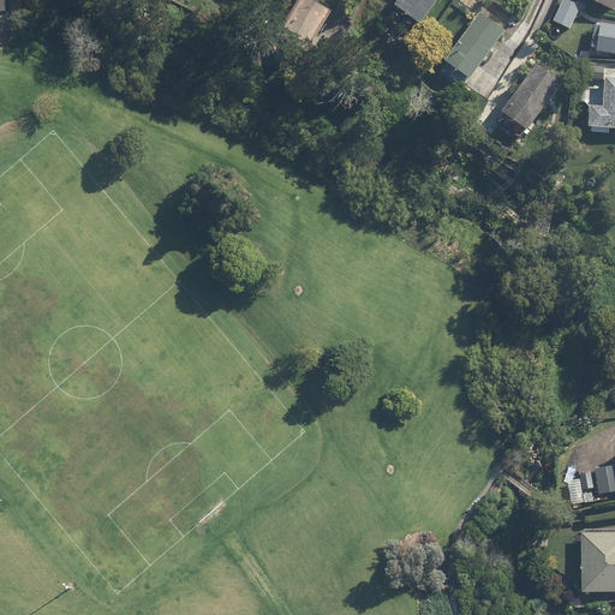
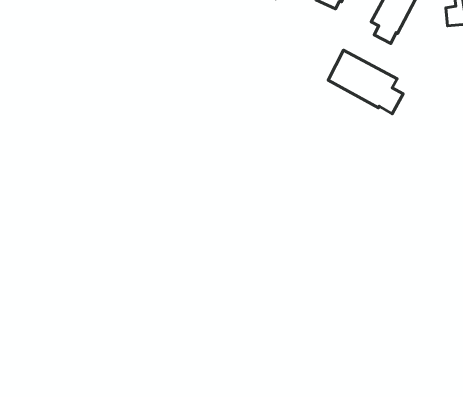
building: none -> [328,50,403,114]

